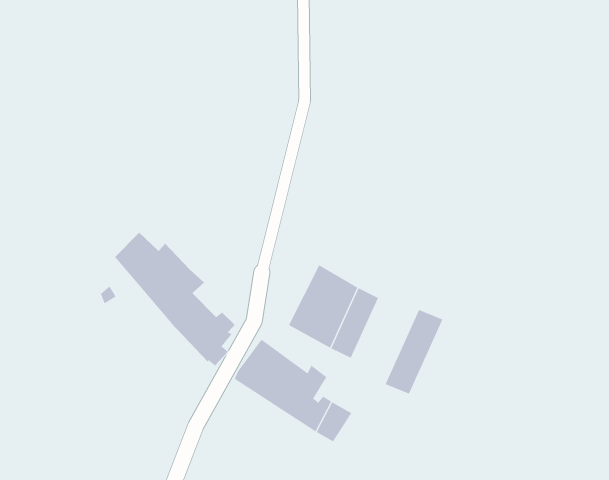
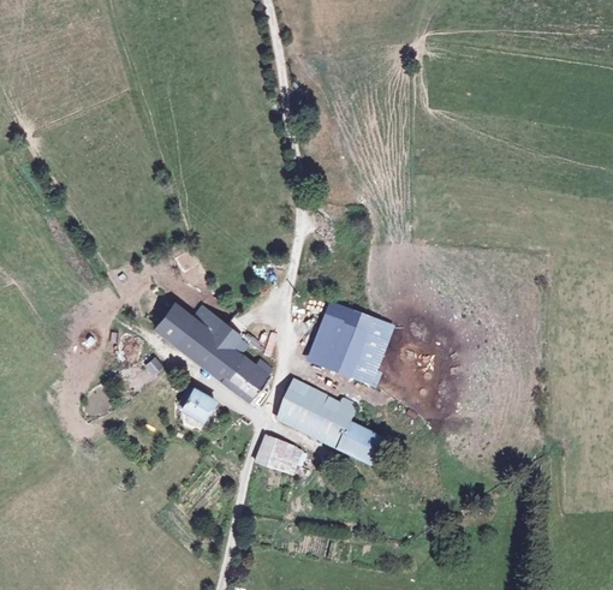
building: [385,309,443,394] -> none
building: none -> [181,389,216,423]
building: none -> [256,436,314,476]

